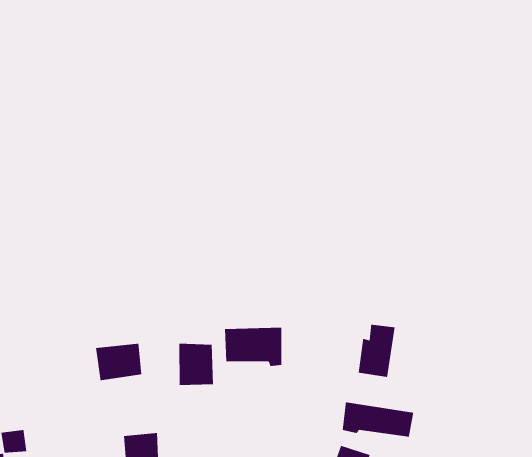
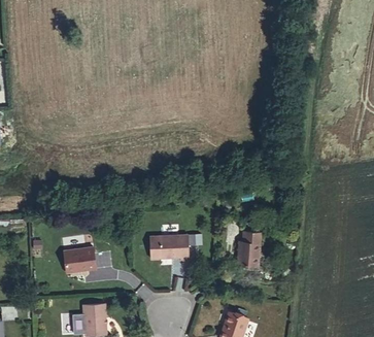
building: [179,343,213,386] -> none
building: [342,401,414,437] -> none

